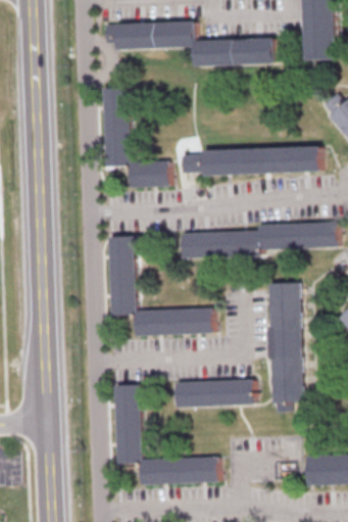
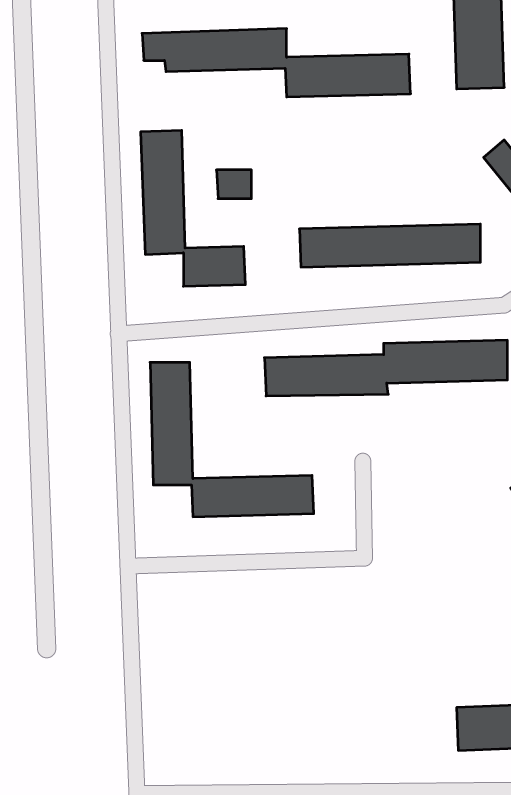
building: [181,154,203,173] -> [216,170,251,199]
building: [269,282,303,412] -> none
building: [177,379,255,407] -> none
building: [113,385,219,484] -> none

